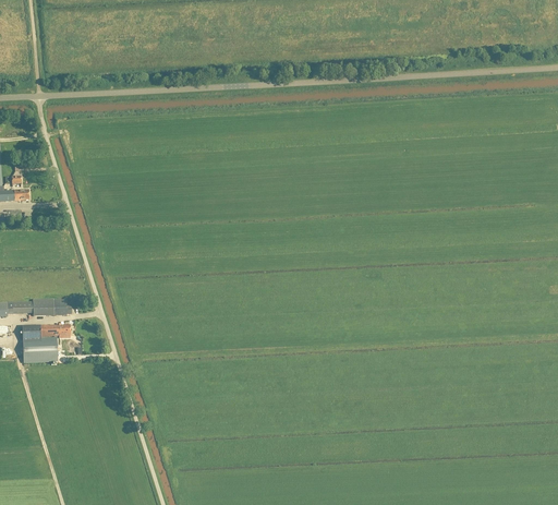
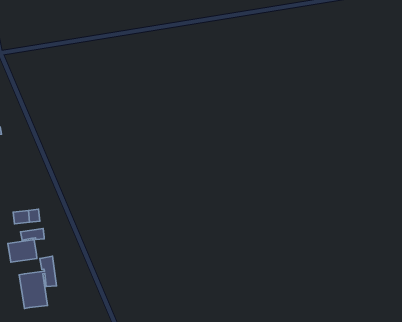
building: none -> [19,256,57,309]

